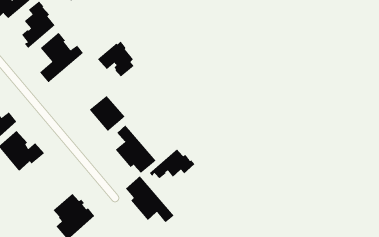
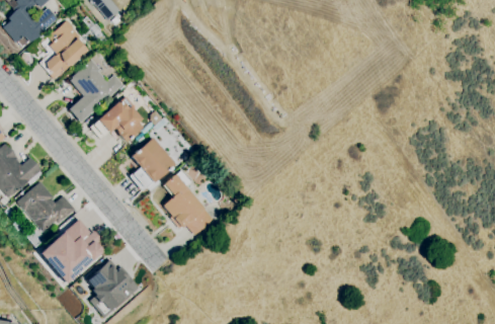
building: [97,41,135,77] -> [96,96,143,142]
building: [149,148,195,179] -> none
building: none -> [38,220,102,284]
building: [125,176,174,223] -> none

